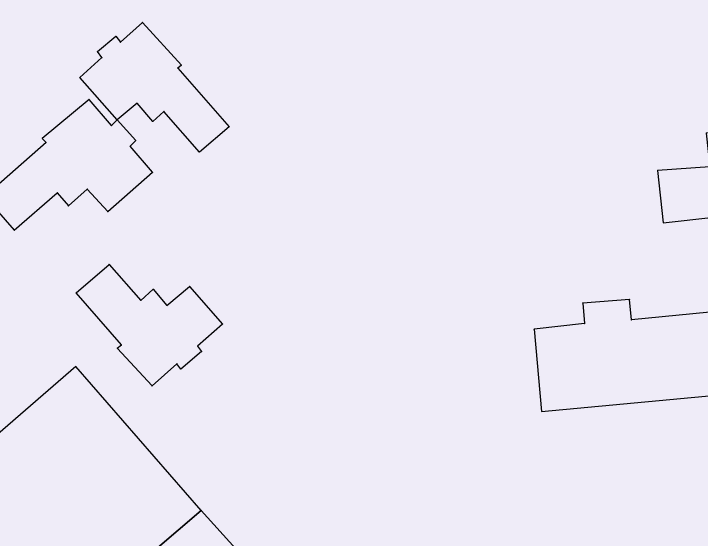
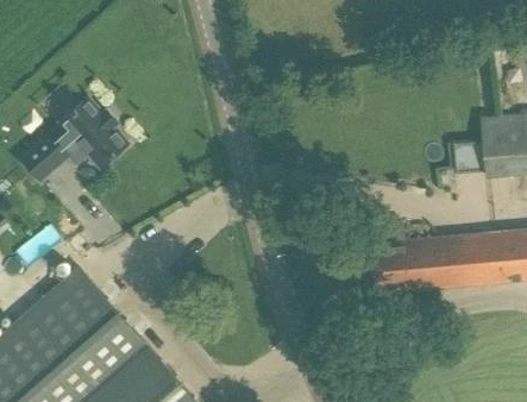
building: [80,22,229,152] -> none
building: [76,264,223,386] -> none

